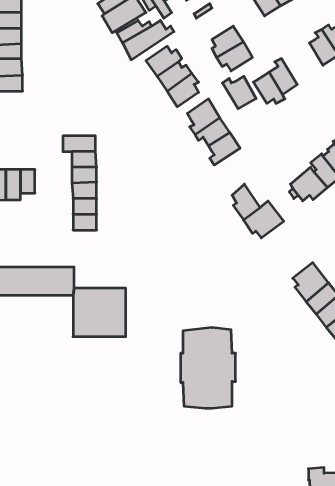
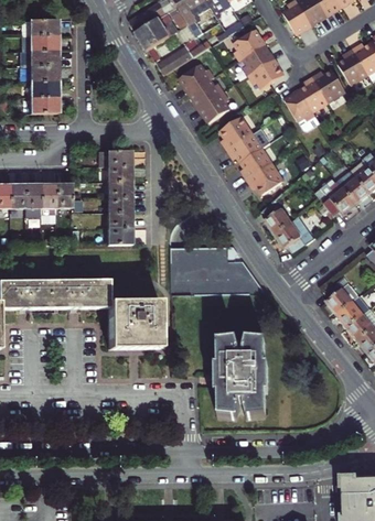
building: none -> [235,29,266,61]
building: [222,76,256,109] -> [313,69,346,101]
building: none -> [247,164,283,195]
building: none -> [170,246,254,293]

